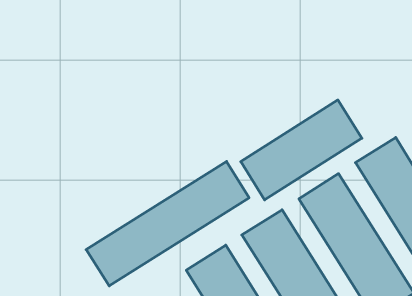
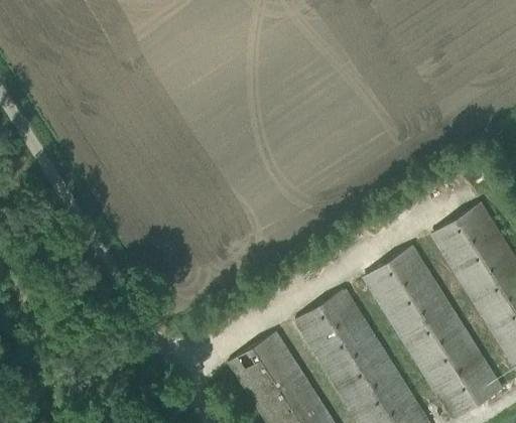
building: [241,100,362,200] -> none
building: [86,161,249,286] -> none

